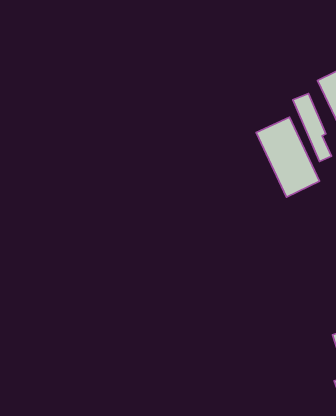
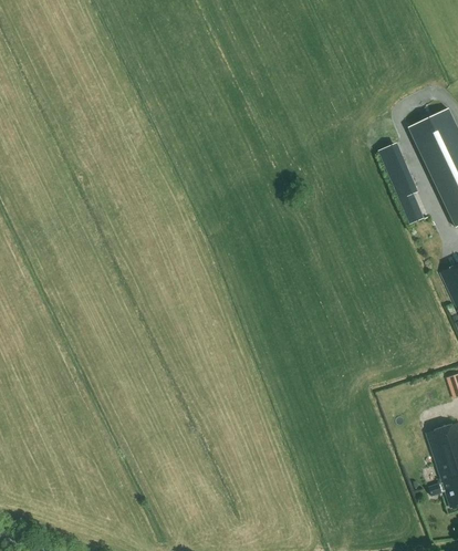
building: [256,117,319,197] -> none

